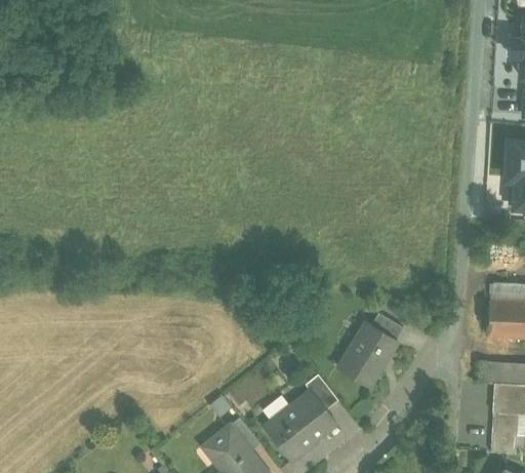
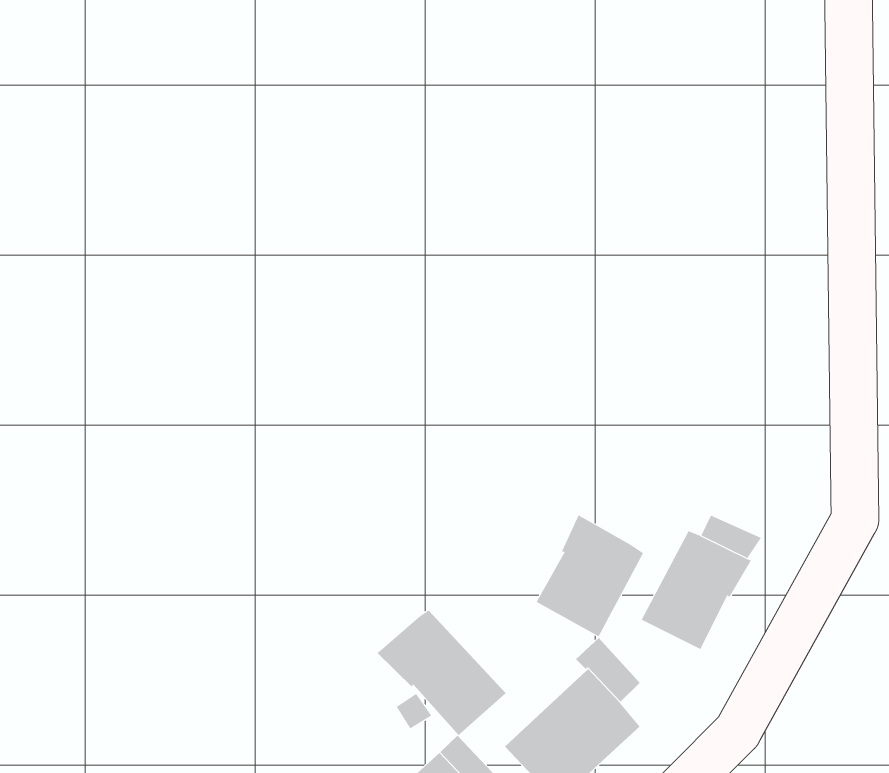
building: none -> [536,514,644,637]
building: none -> [376,610,507,736]

